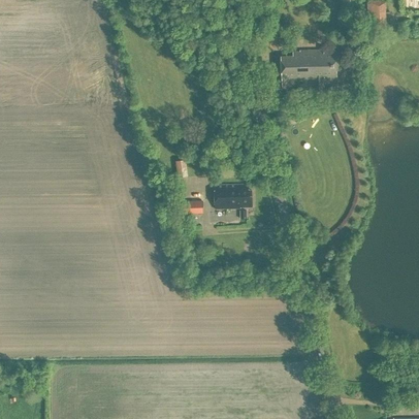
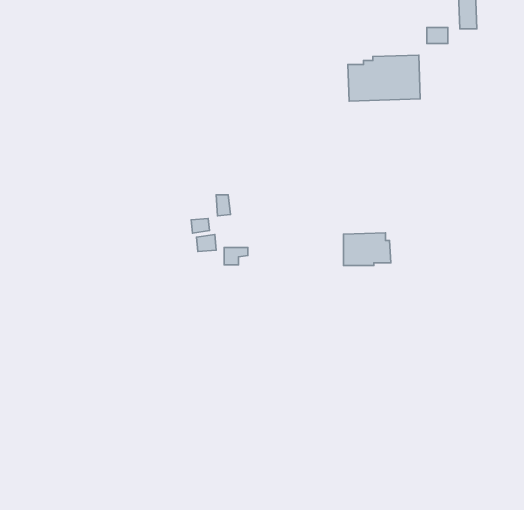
building: [214,182,251,207] -> [343,233,391,266]

